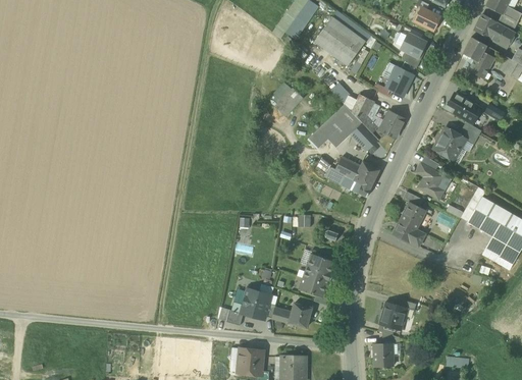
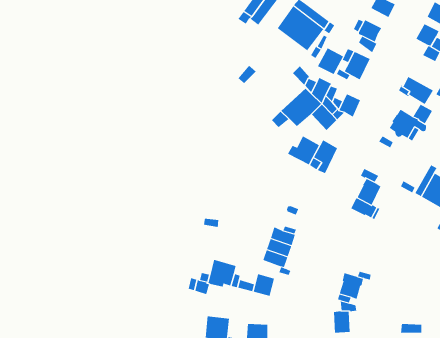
building: none -> [317,48,344,75]
building: [274,88,303,116] -> none
building: [417,164,442,198] -> none

